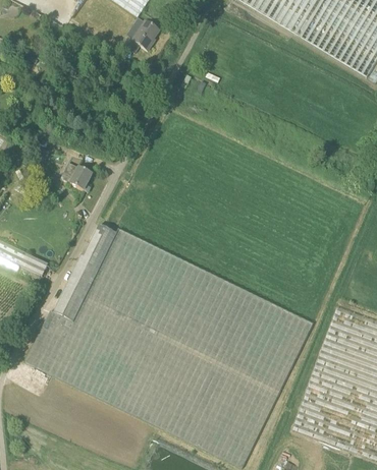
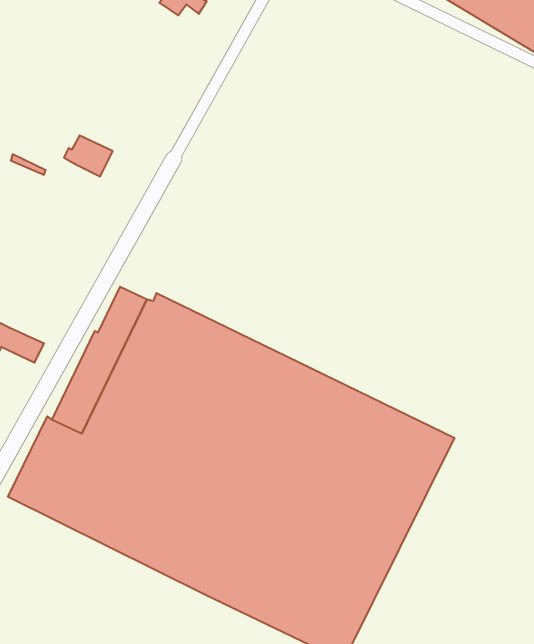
building: [60,163,92,189] -> [64,135,113,176]

